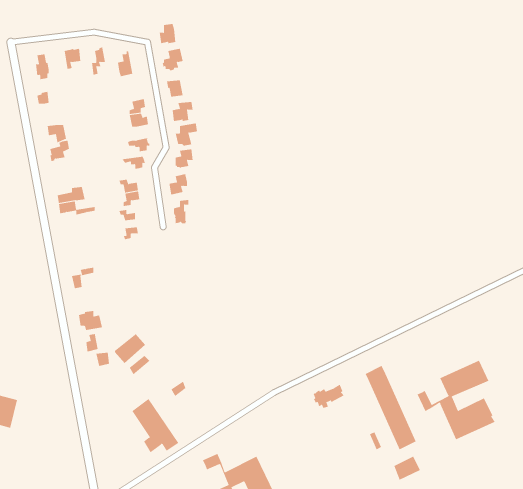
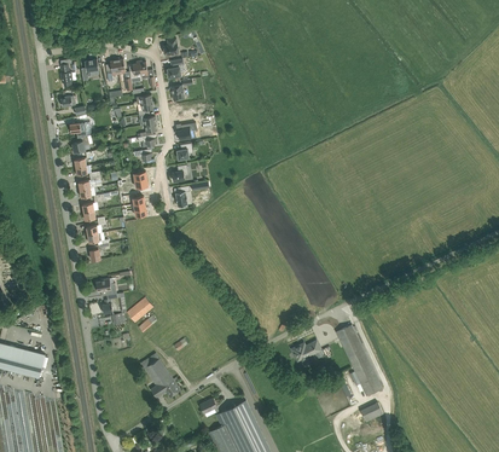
building: [417,360,495,440] -> none

